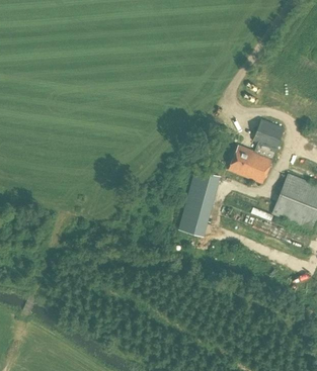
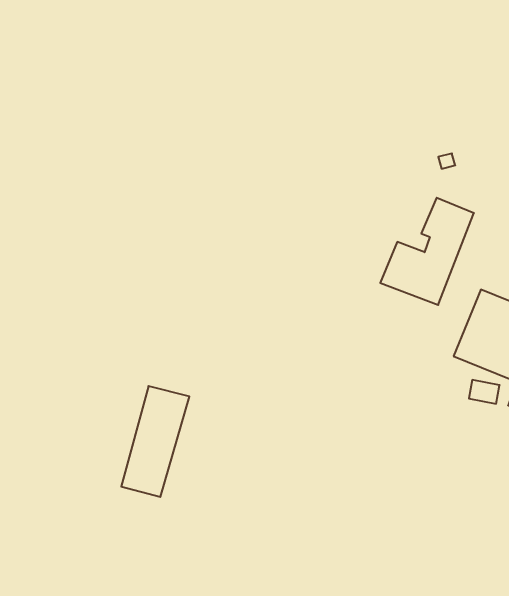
building: [179,170,220,236] -> [121,386,189,497]

